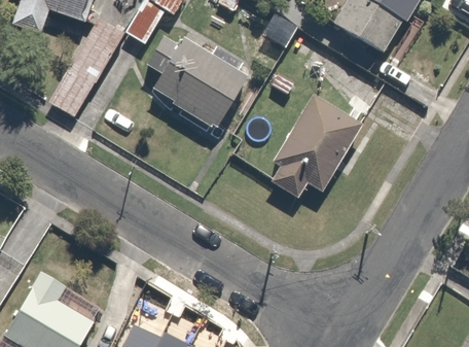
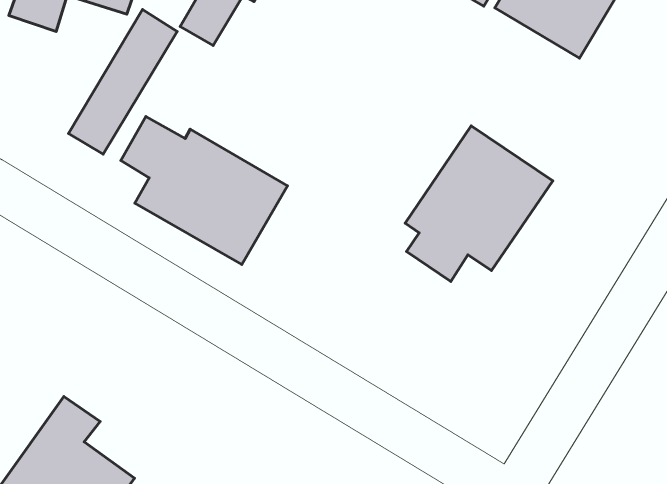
building: [141,33,250,130] -> [121,117,288,264]

